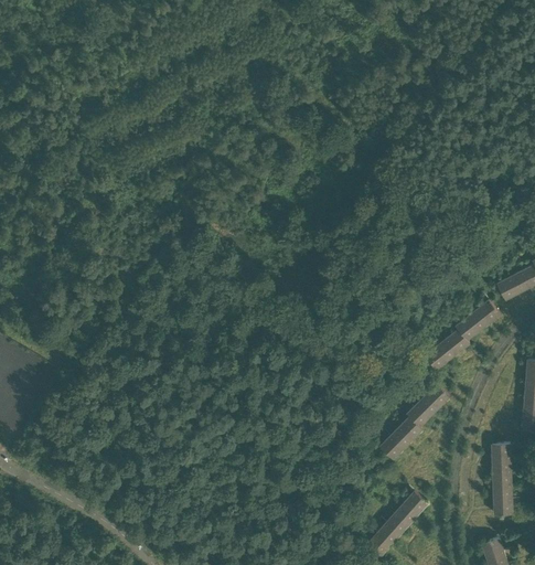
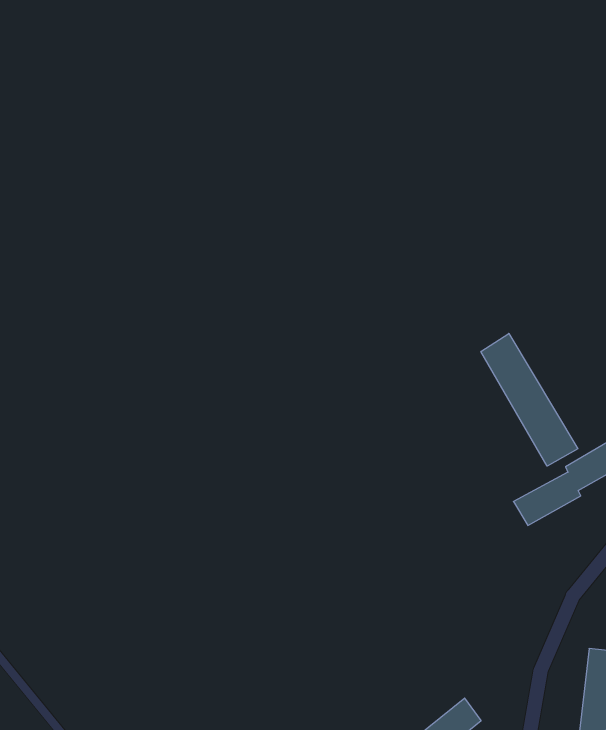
building: none -> [481,333,578,466]
building: [378,384,449,459] -> none

